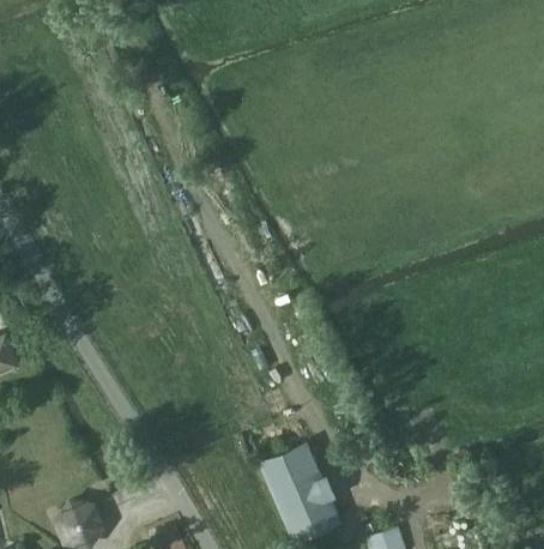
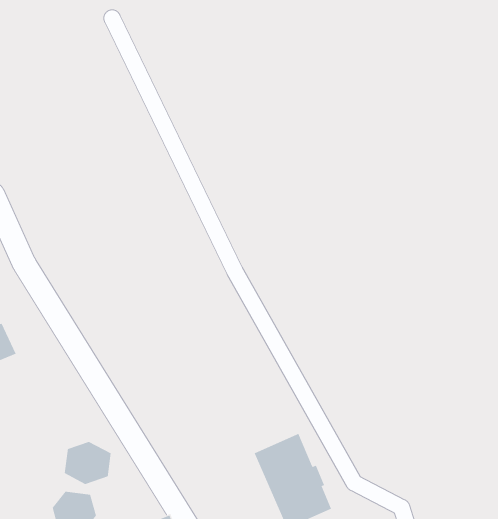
building: none -> [64,441,111,485]

